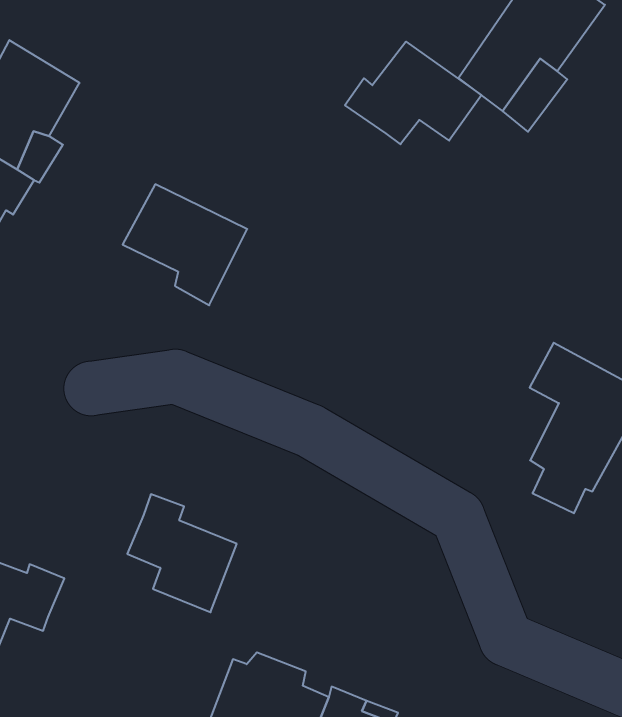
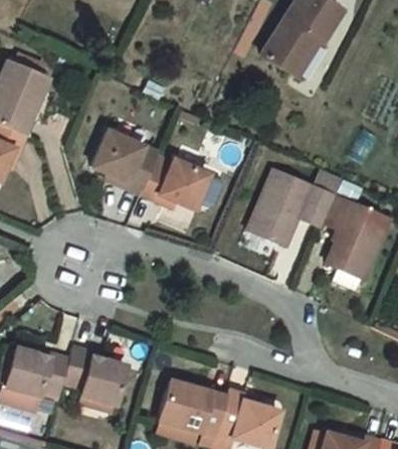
building: [345,42,481,144] -> none
building: none -> [139,150,212,207]
building: none -> [245,169,338,246]
building: [127,494,237,612] -> [65,341,126,404]

